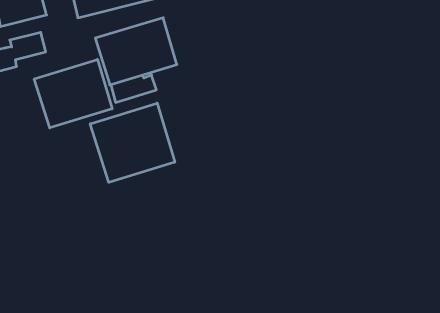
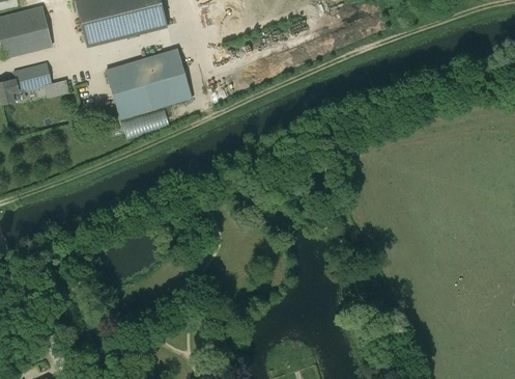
building: [34,59,112,128] -> none
building: [90,103,175,182] -> none

